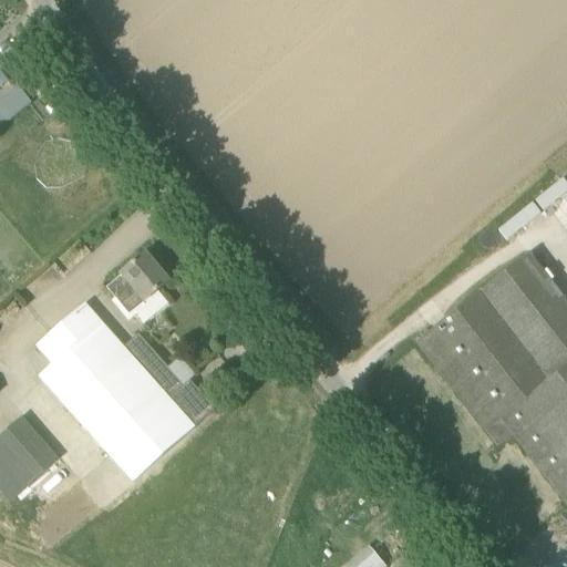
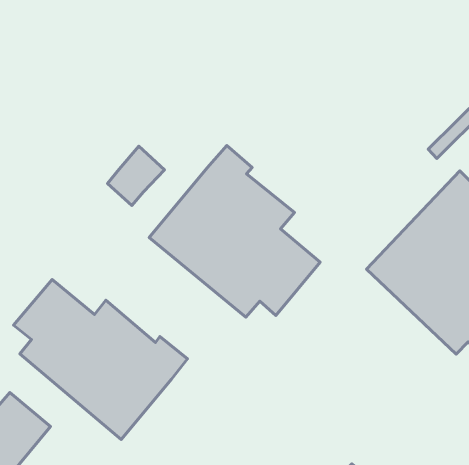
building: none -> [149,145,320,317]
building: [107,251,169,312] -> [107,146,165,205]

